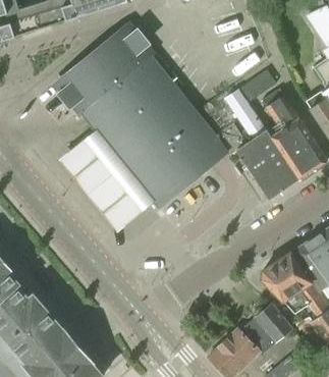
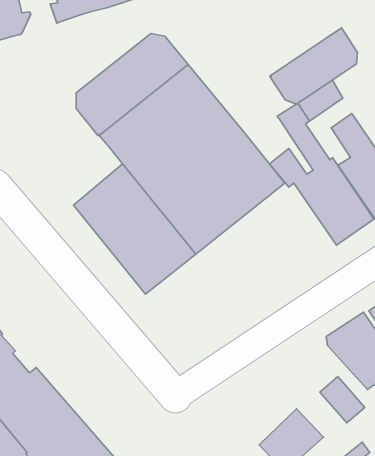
building: none -> [270,28,358,104]
building: [242,316,278,353] -> none

